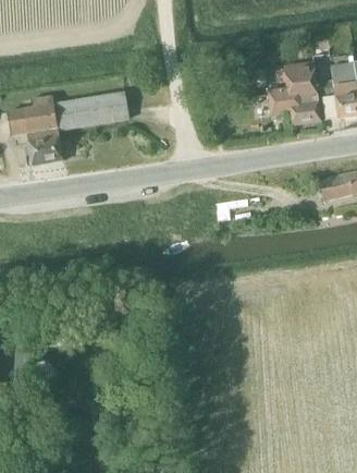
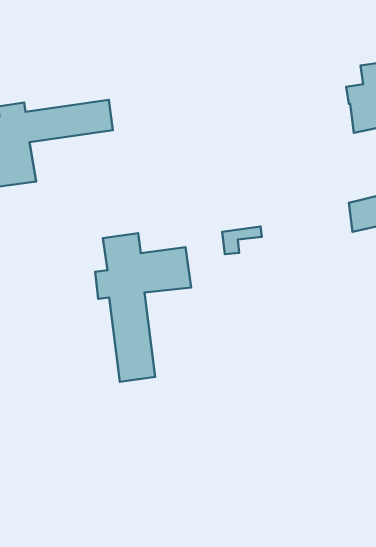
building: [269,65,320,124] -> none
building: none -> [95,233,191,382]

